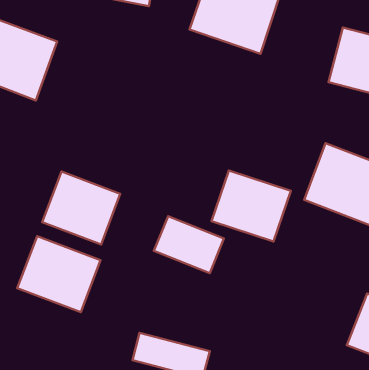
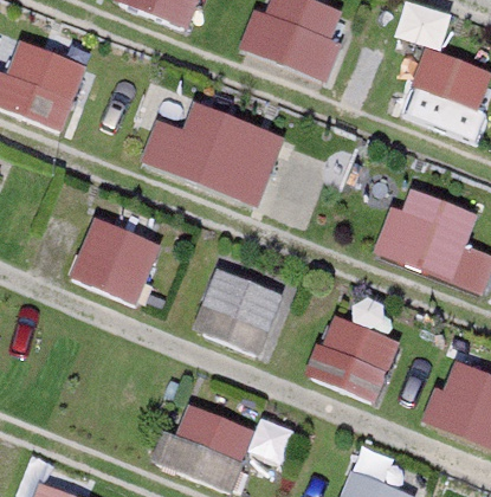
building: none -> [151,102,285,207]
building: [212,170,291,241] -> [309,314,401,396]
building: [17,236,101,312] -> none

